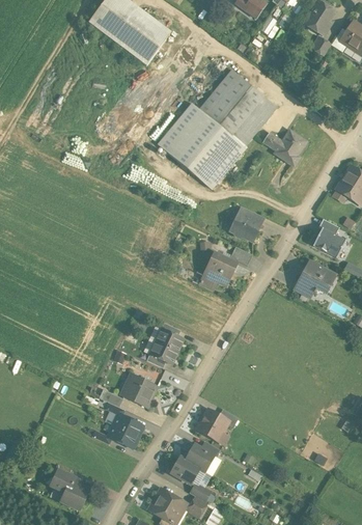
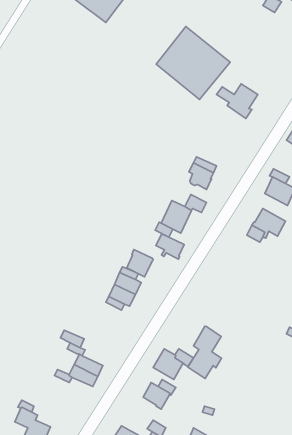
building: [159,104,245,187] -> none
building: none -> [156,234,184,259]
building: none -> [127,250,153,277]
building: [121,374,157,407] -> none
building: none -> [188,326,222,378]
building: [171,455,199,482] -> none

